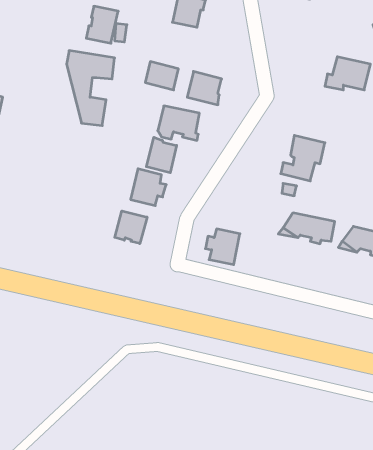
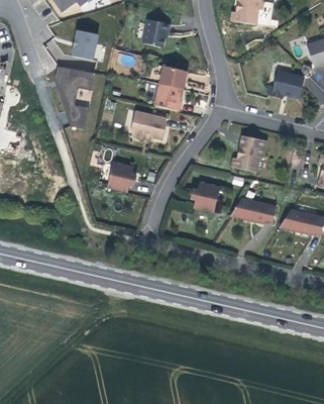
building: [145,62,178,90] -> [159,66,187,89]
building: [146,137,177,173] -> none
building: [115,211,147,244] -> none
building: [205,229,240,265] -> [191,182,219,211]

